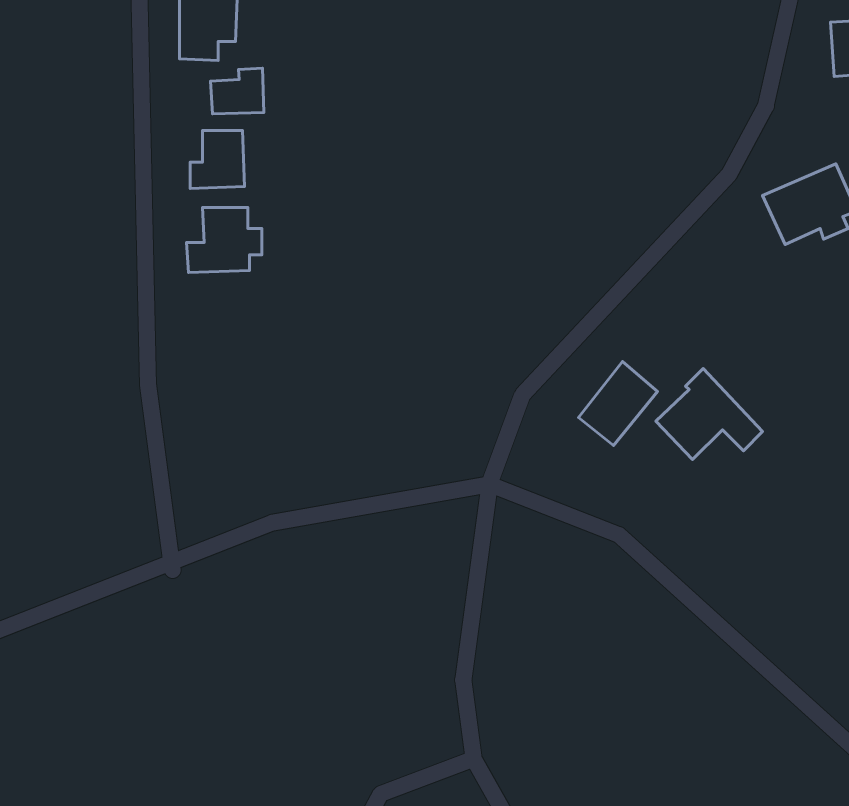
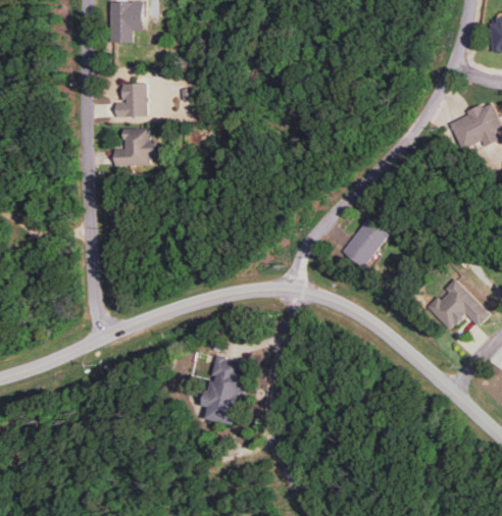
building: [210,68,264,114] -> none
building: [656,369,763,460] -> [428,278,490,331]
building: none -> [202,356,248,425]

